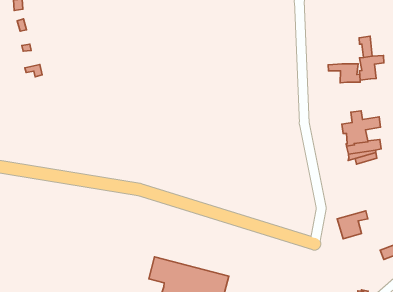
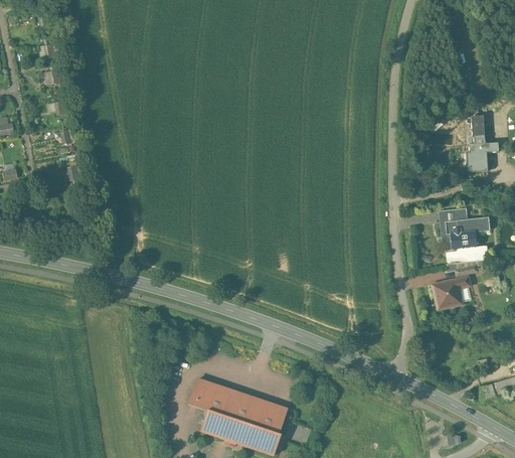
building: [328,64,360,83] -> none
building: [337,211,368,239] -> [432,276,470,309]

